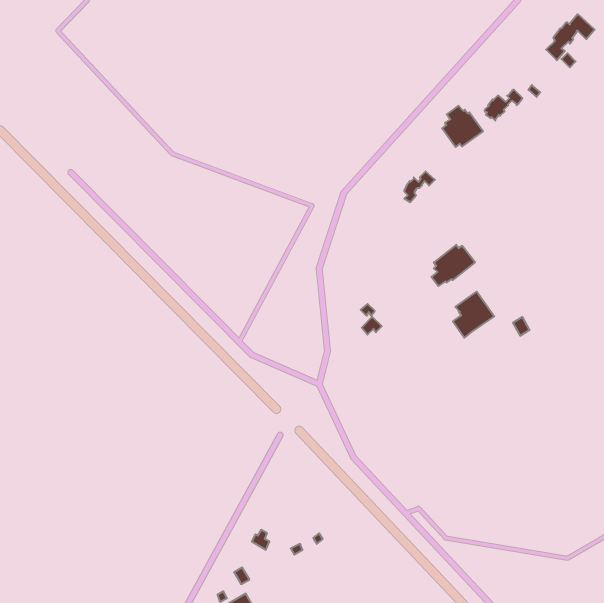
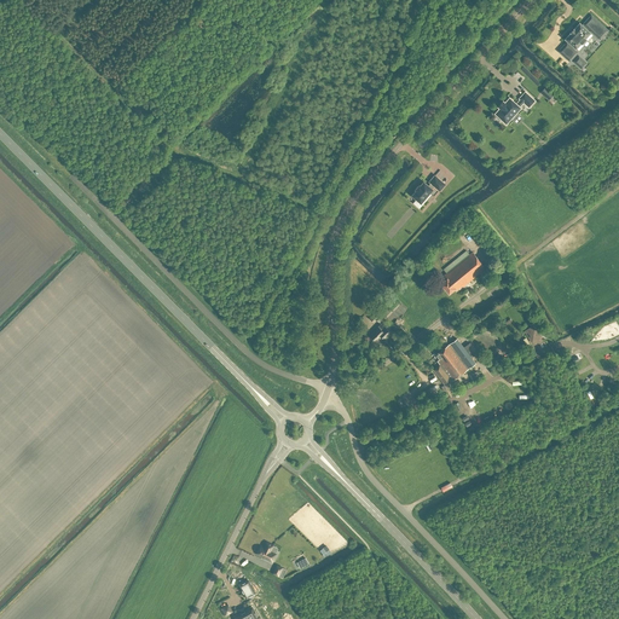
building: [442,106,483,147] -> none
building: [453,292,494,338] -> [433,340,475,387]

